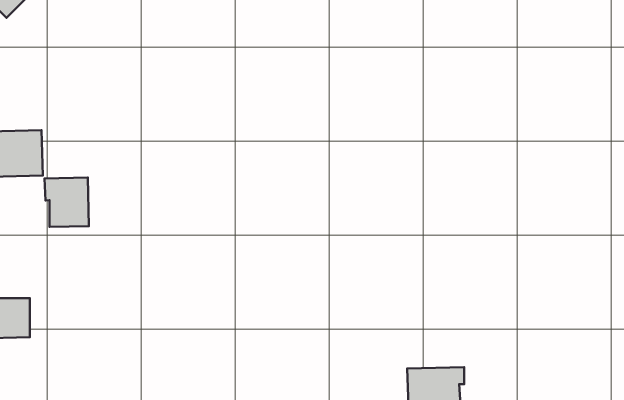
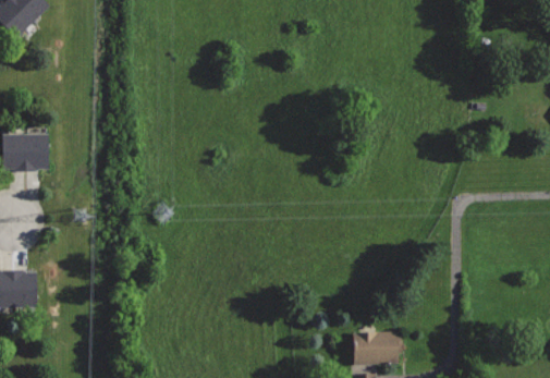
building: [45,178,89,227] -> none

